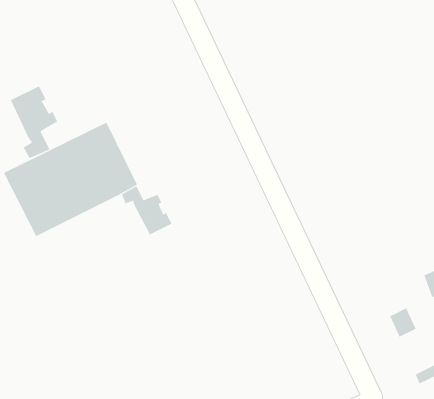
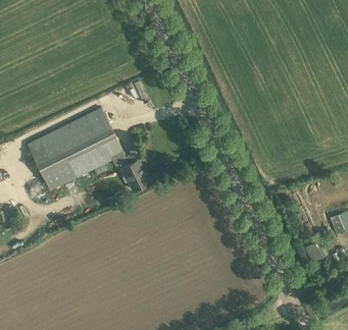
building: [10,85,58,159] -> none

